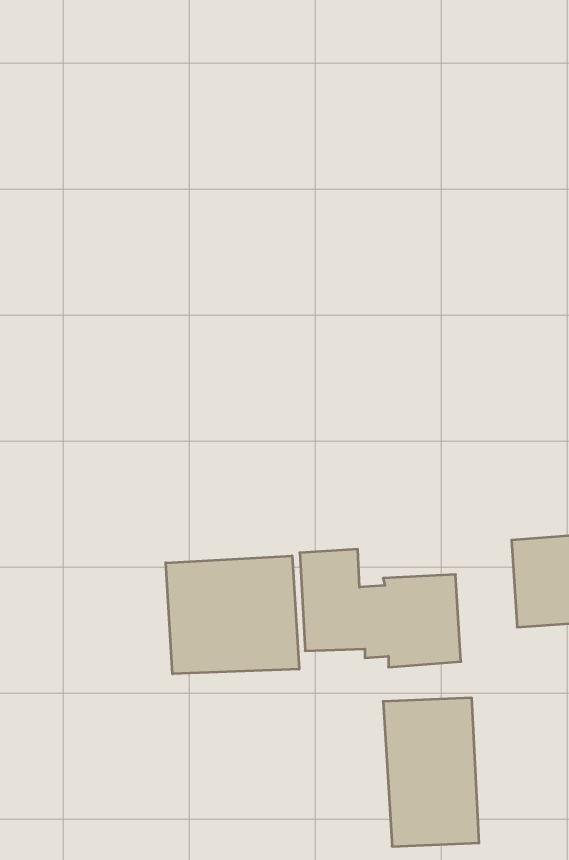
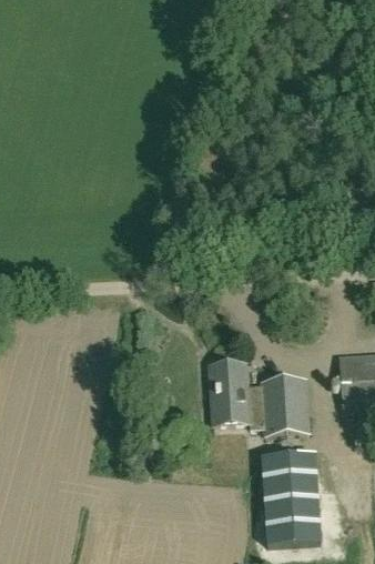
building: [166,556,299,674] -> none

